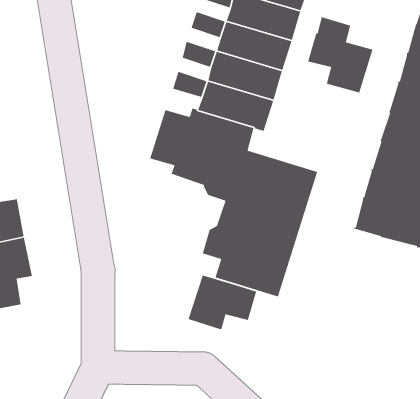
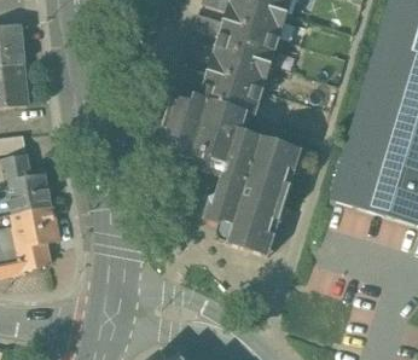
building: [307,16,373,93] -> none
building: [188,275,257,331] -> none

